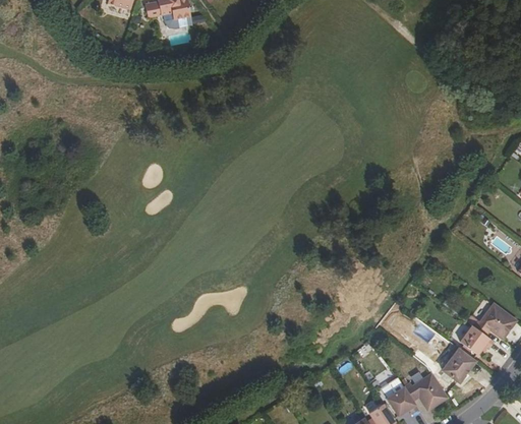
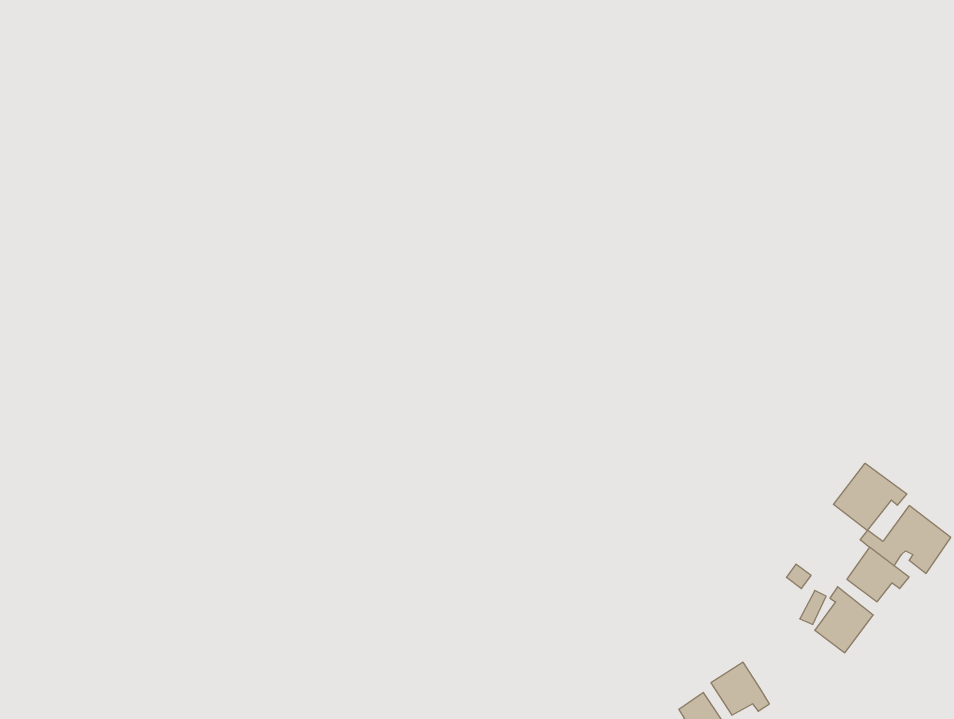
building: none -> [833,463,907,531]
building: [405,374,448,411] -> none

